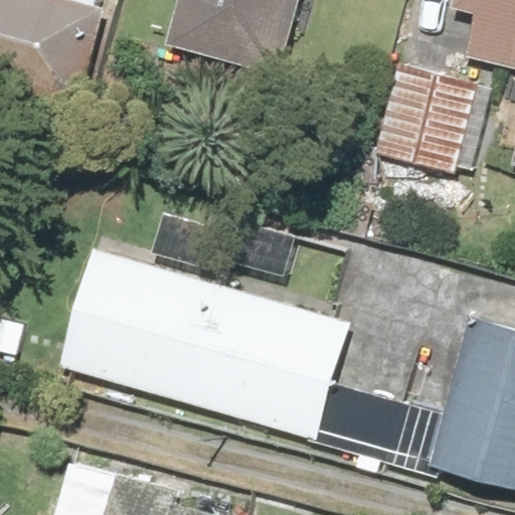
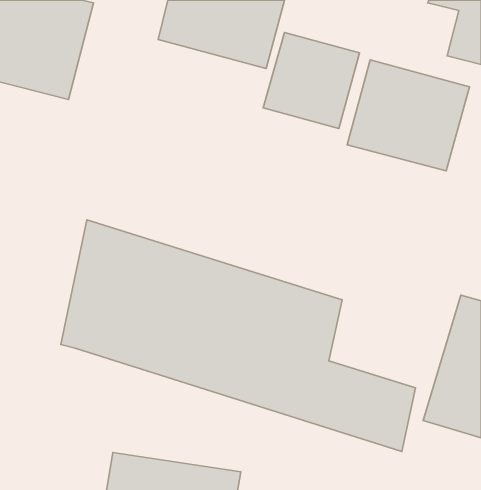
building: none -> [263,33,360,128]

